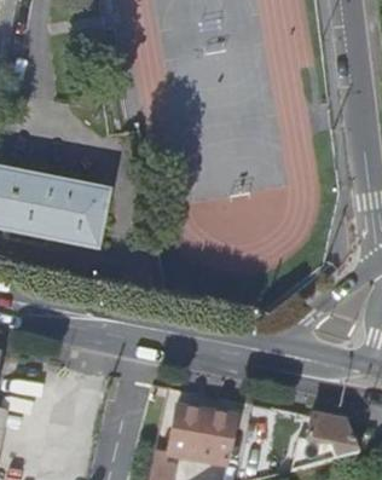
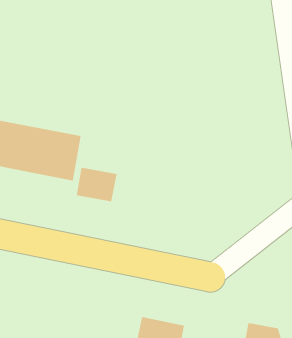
building: none -> [76,167,117,202]

